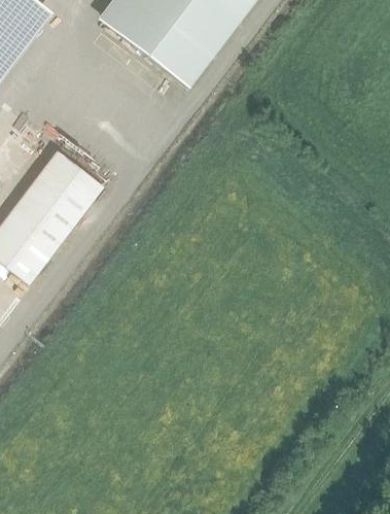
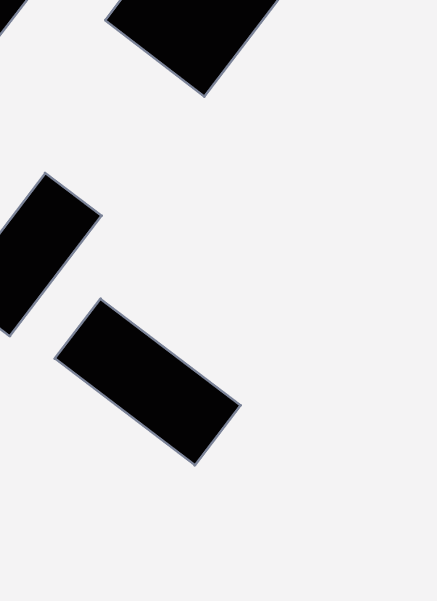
building: none -> [55,299,241,465]

